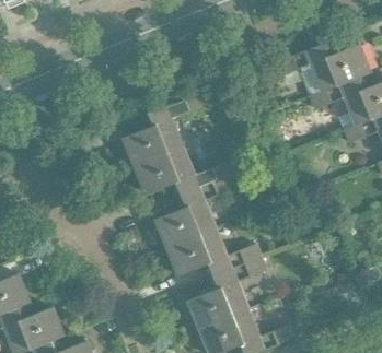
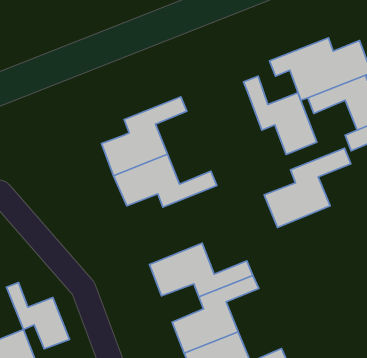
building: none -> [244,76,317,155]
building: [154,175,233,247] -> [264,148,351,227]
building: none -> [7,283,70,349]

